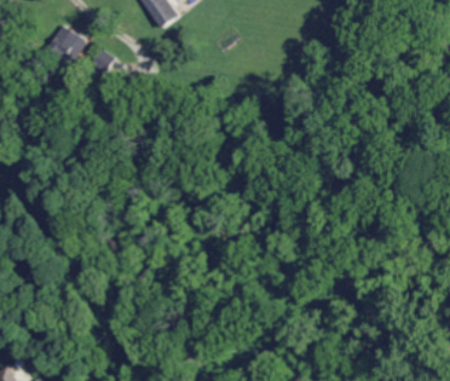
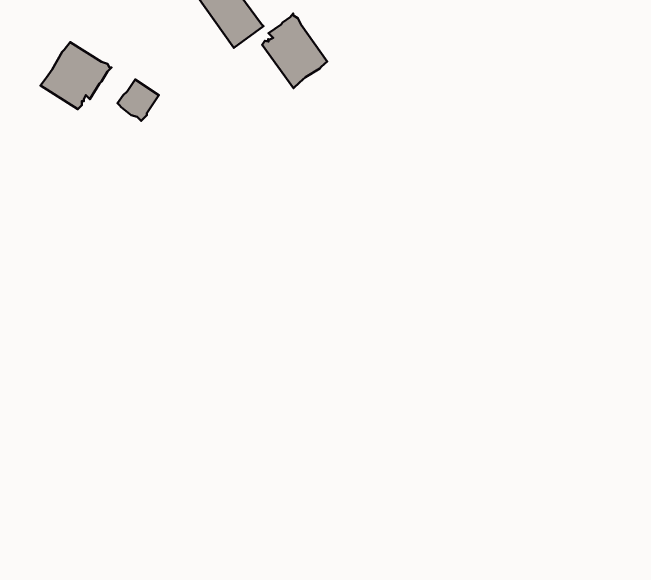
building: none -> [262,14,327,88]

